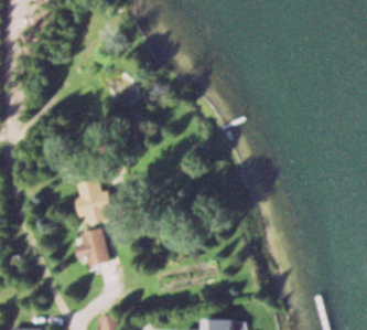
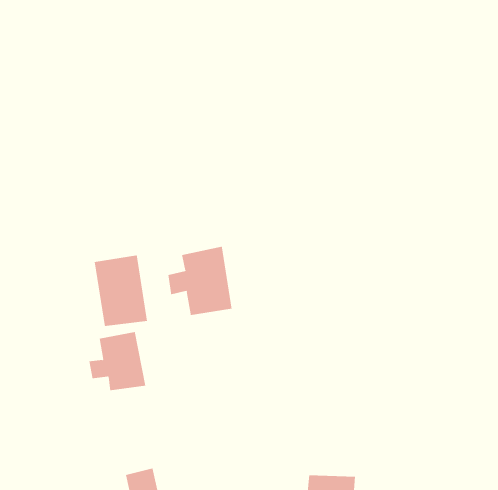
building: none -> [168,246,232,316]

